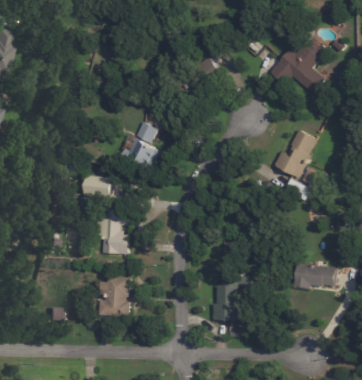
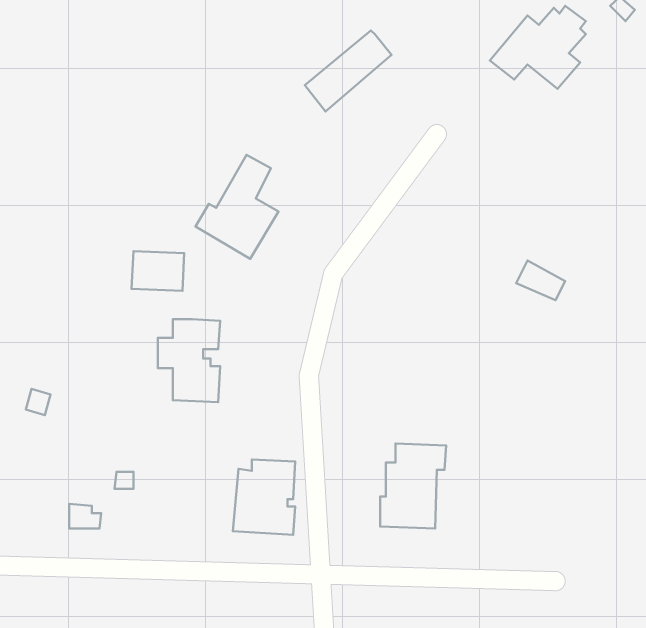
building: [278,129,320,177] -> none
building: [297,263,340,288] -> none
building: [99,276,132,316] -> [233,459,295,535]

